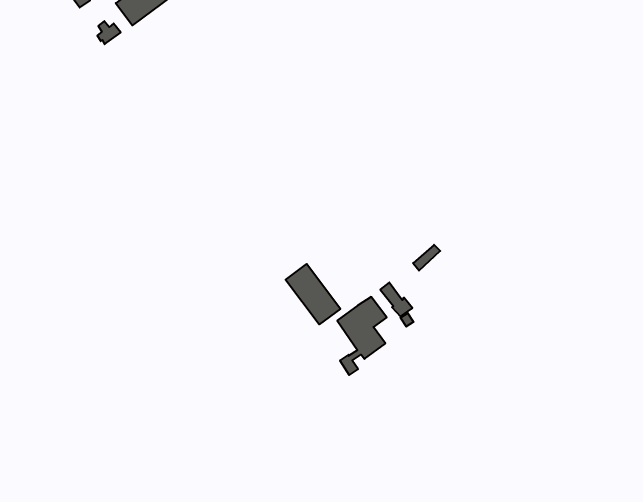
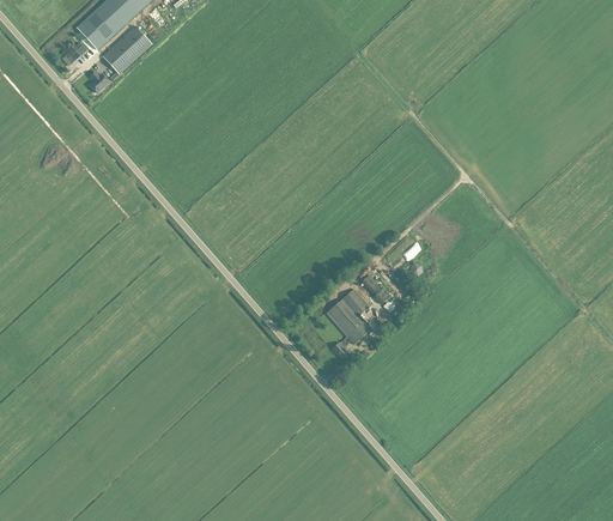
building: [286,264,340,324] -> none

